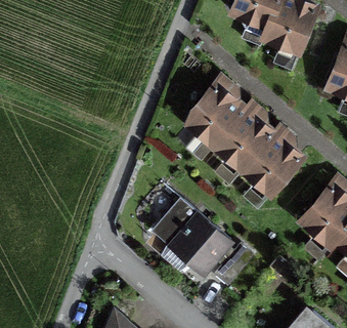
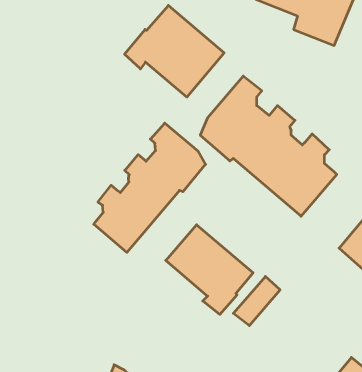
building: none -> [125,5,224,97]
building: none -> [94,123,206,252]

